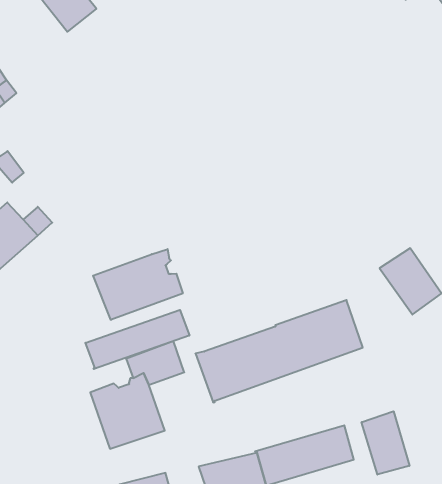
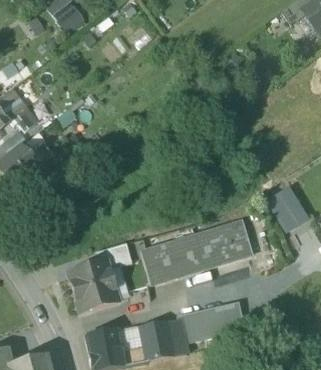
building: [93,249,183,320] -> none
building: [85,310,189,369] -> none
building: [362,411,409,475] -> none

